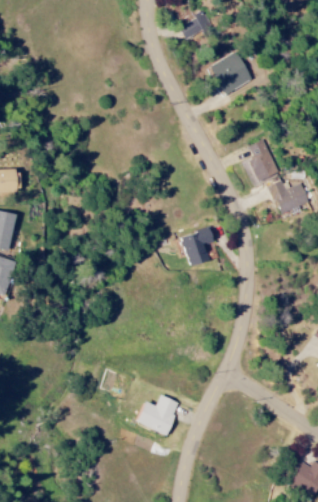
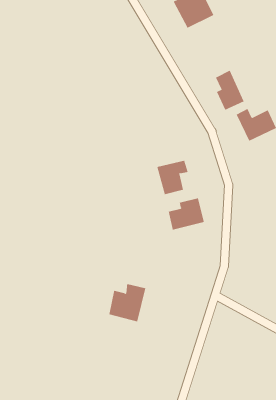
building: none -> [168,198,205,231]
building: [138,395,179,436] -> [108,284,146,322]

